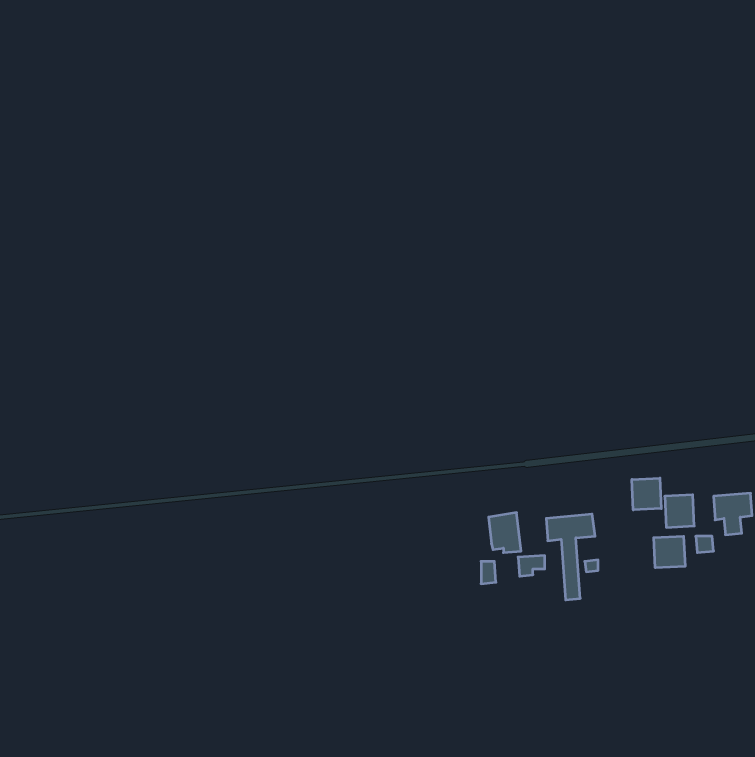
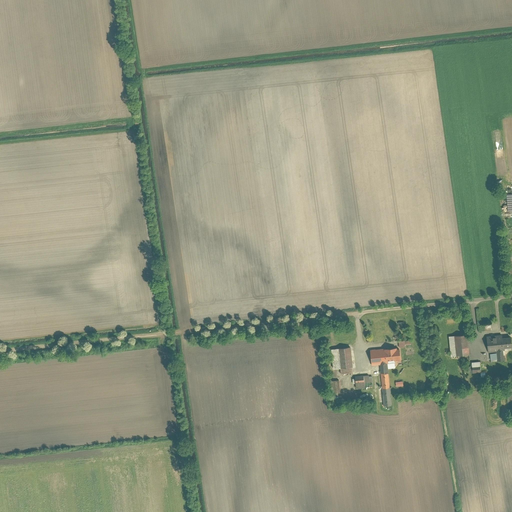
building: [632,478,661,510] -> none
building: [654,536,685,568] -> none

